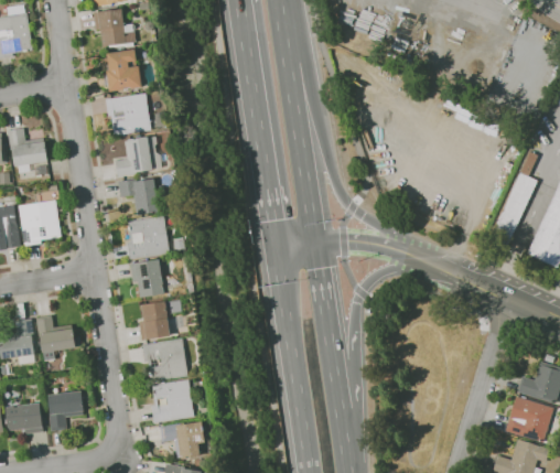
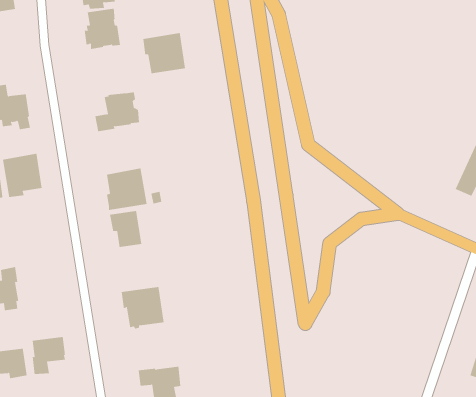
building: [105,93,150,136] -> [142,33,186,74]
building: [117,179,165,215] -> none
building: [138,299,181,340] -> none
building: [35,315,74,361] -> none
building: [150,379,193,422] -> none

